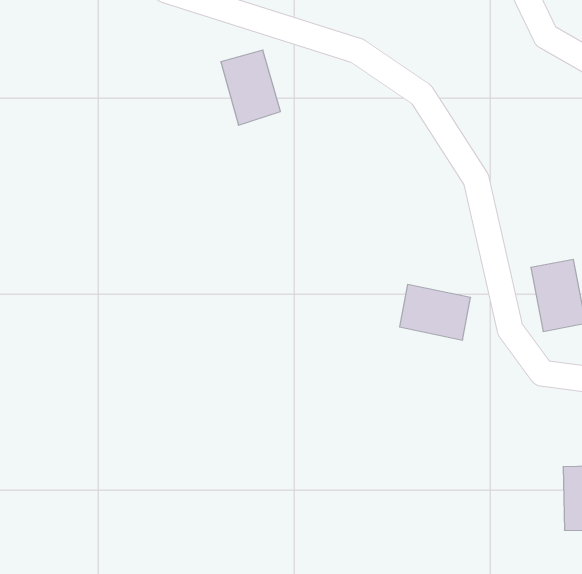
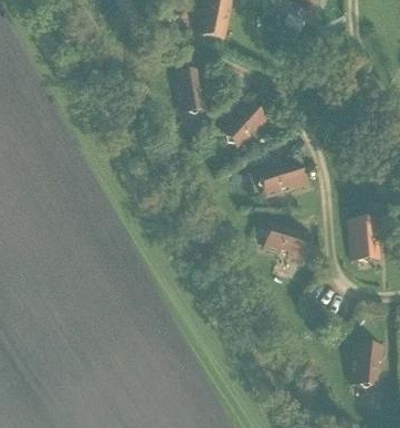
building: none -> [221,101,266,148]
building: none -> [259,158,304,196]

